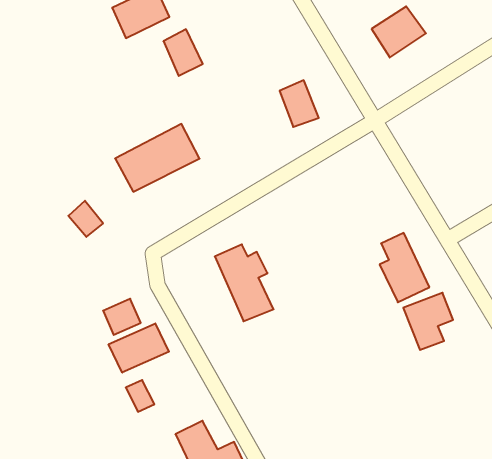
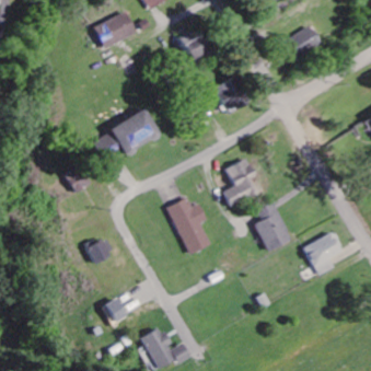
building: [163,29,203,76] -> [178,28,207,62]
building: none -> [222,159,255,205]
building: [380,233,429,302] -> [254,201,290,252]
building: [109,323,169,373] -> none

